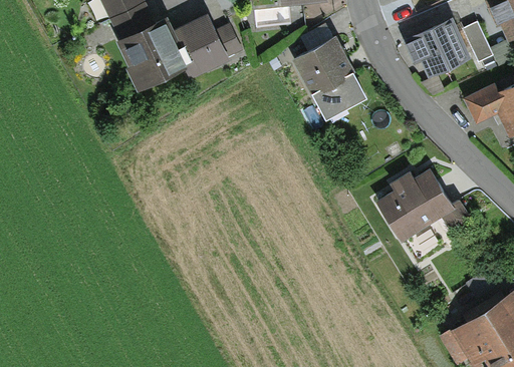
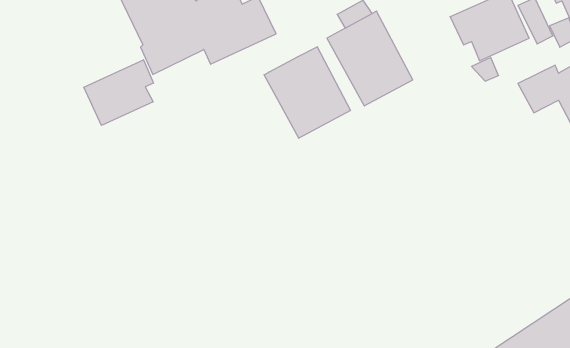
building: none -> [264,47,350,138]
building: none -> [84,60,153,125]
building: [375,167,475,243] -> none

